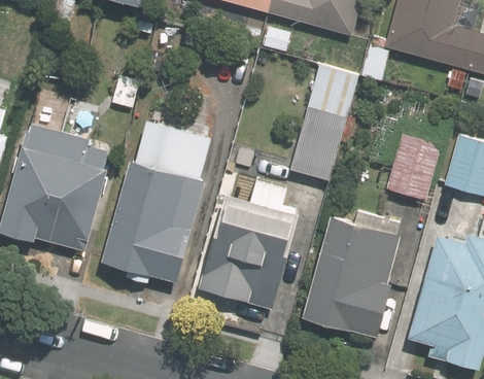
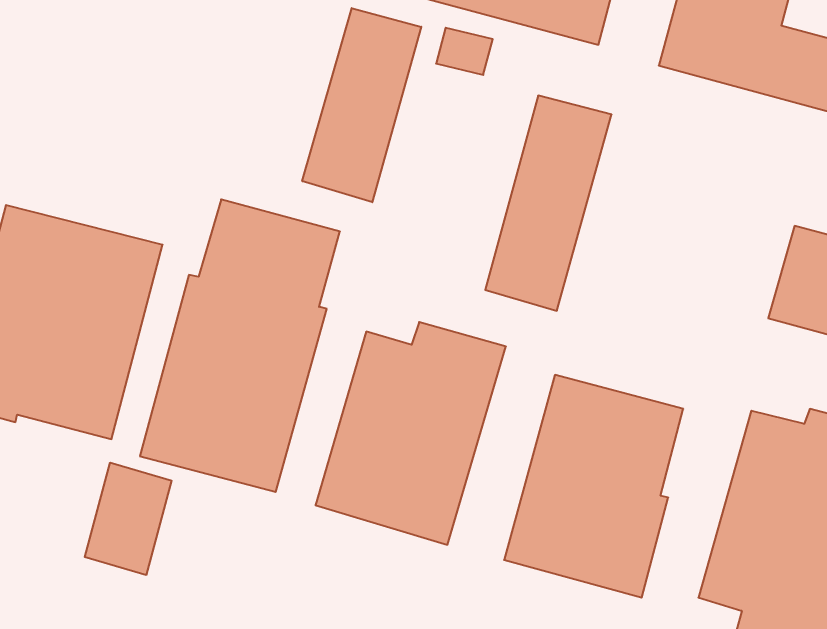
building: none -> [302,8,421,202]
building: [387,133,442,200] -> none
building: none -> [85,463,172,575]

